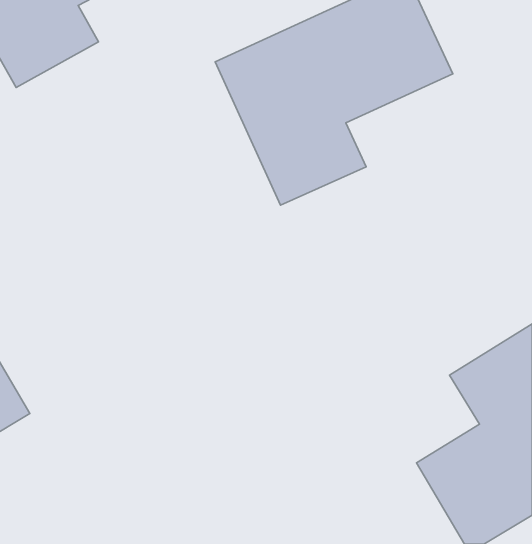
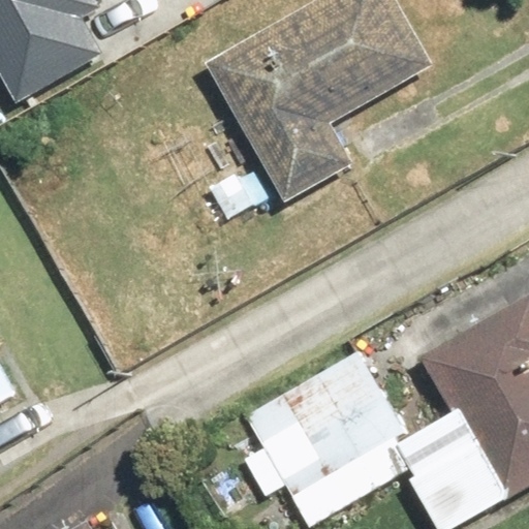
building: none -> [229,353,405,522]

